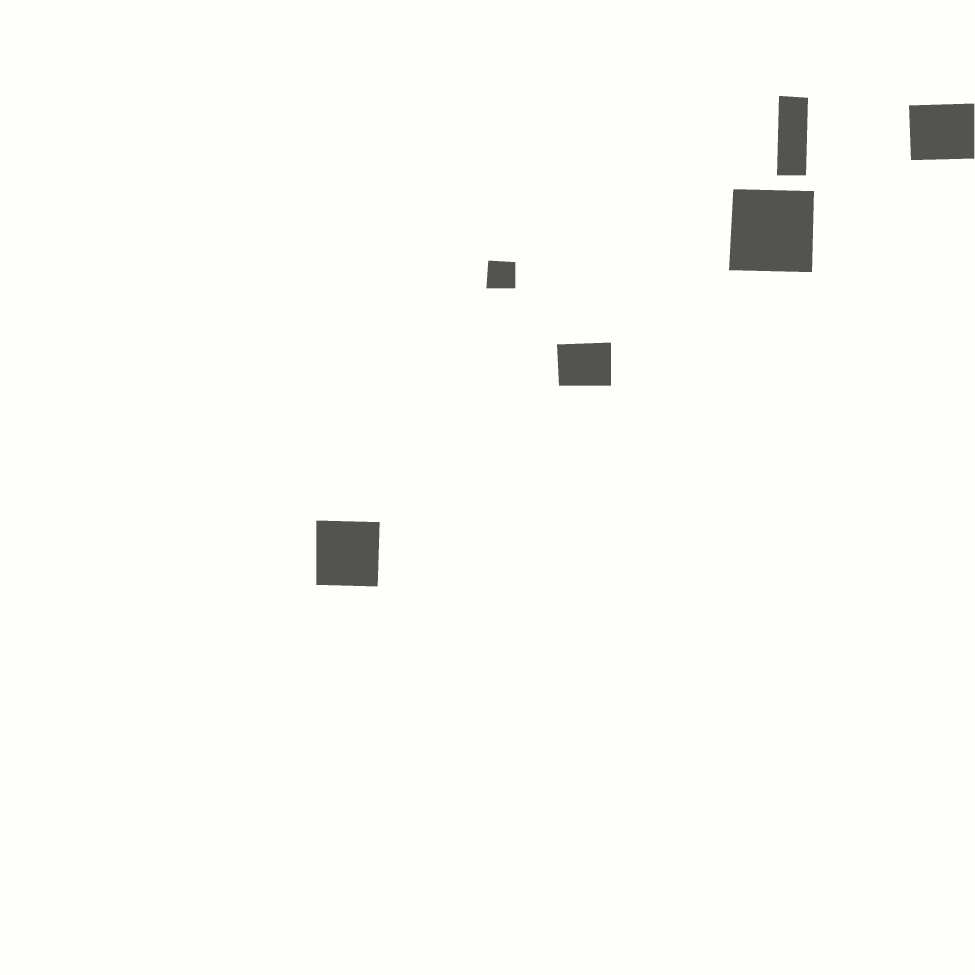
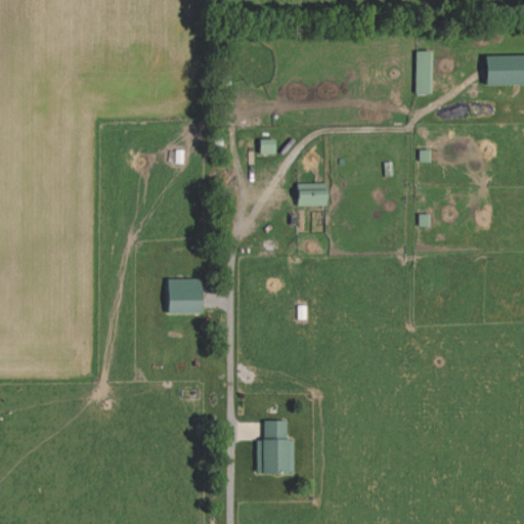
building: [729,189,814,273] -> none
building: none -> [257,421,295,474]

